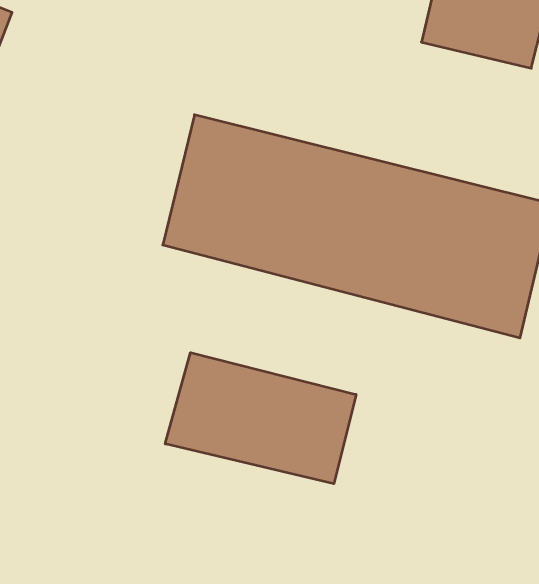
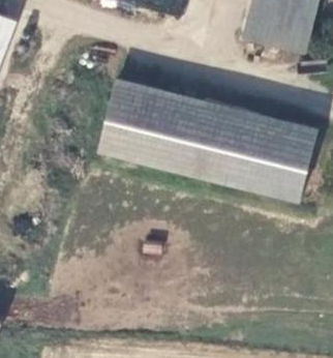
building: [165,353,356,484] -> none

